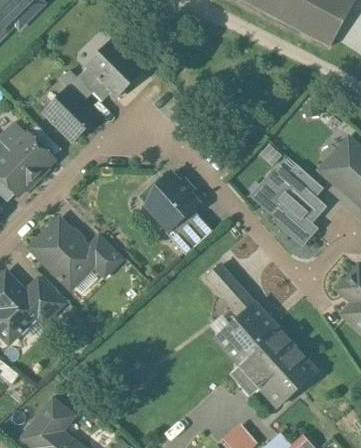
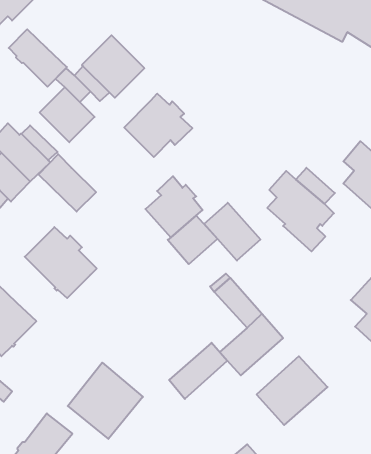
building: none -> [9,29,67,87]
building: none -> [124,94,192,157]
building: none -> [39,154,96,212]
building: none -> [204,203,260,261]
building: [88,235,121,275] -> none
building: [24,277,64,323] -> none
building: [235,324,290,377] -> [169,343,227,399]
building: none -> [68,363,143,439]

